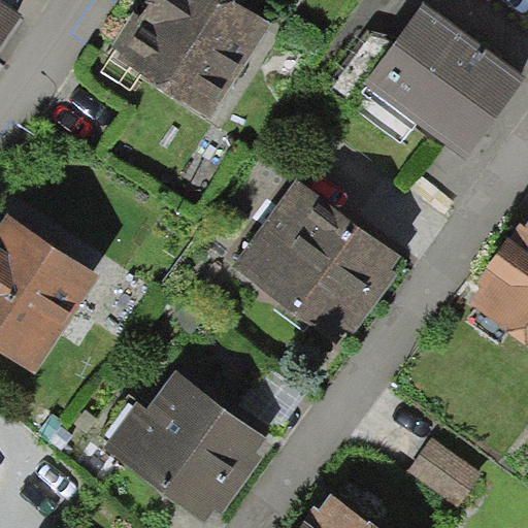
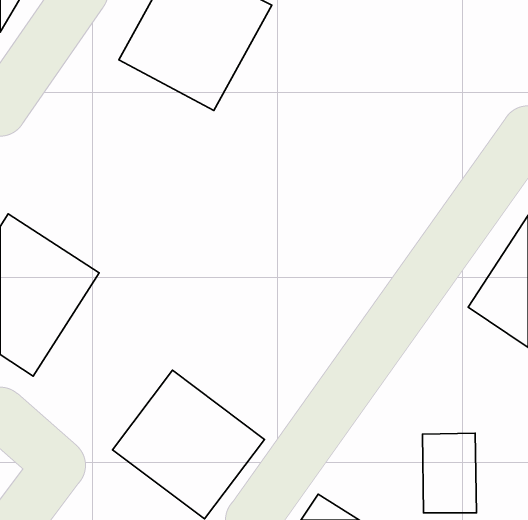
building: [358,9,512,158] -> none
building: [238,186,390,337] -> none

